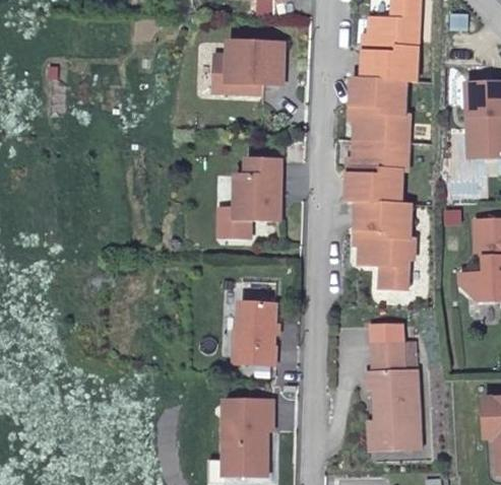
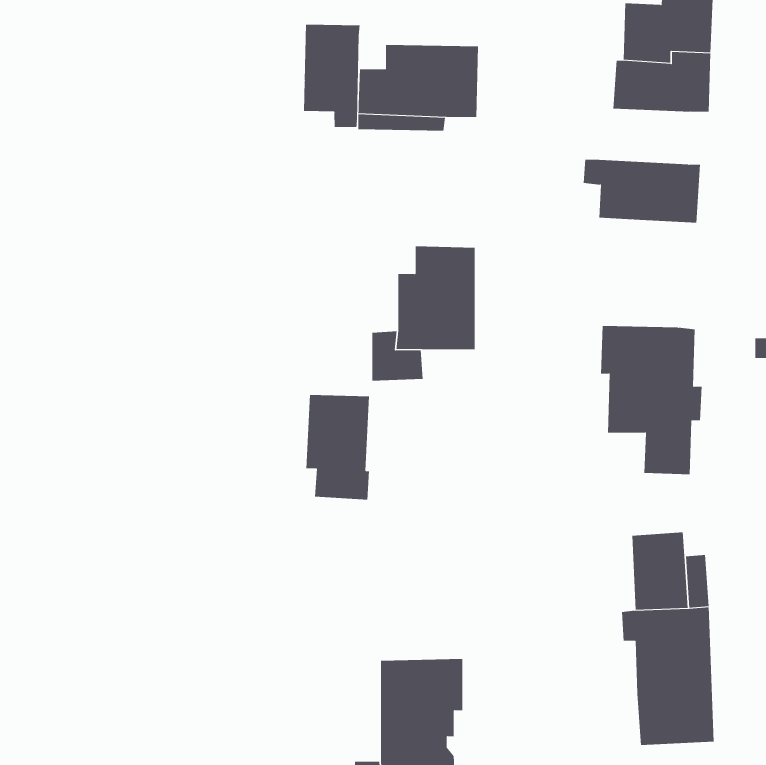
building: none -> [303,24,360,128]
building: [349,77,405,110] -> none
building: [343,141,410,205] -> none
building: [237,301,274,363] -> [306,394,370,500]

